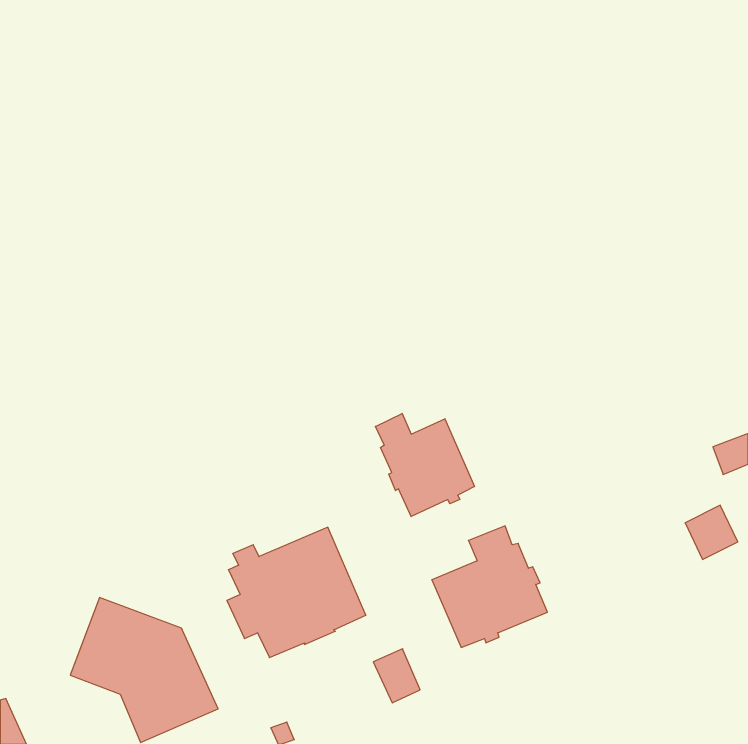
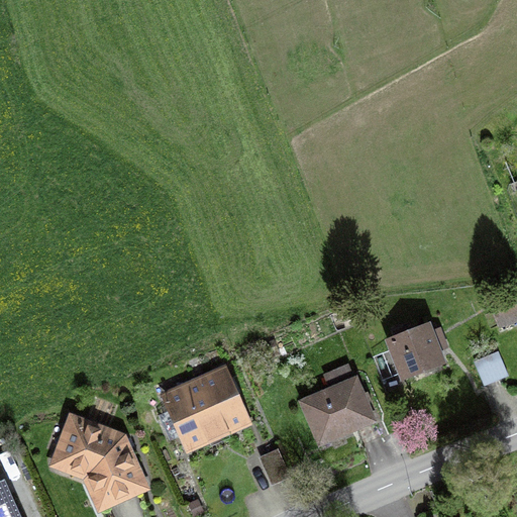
building: [375,413,474,517] -> none
building: none -> [384,322,447,383]

